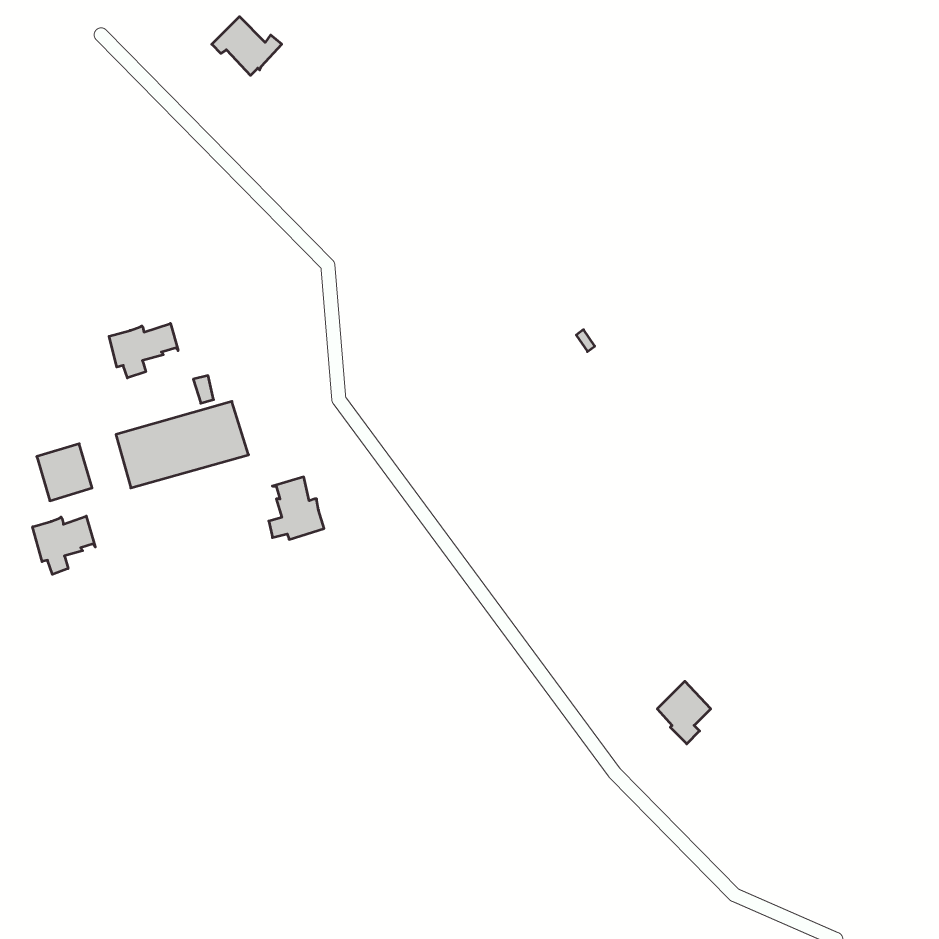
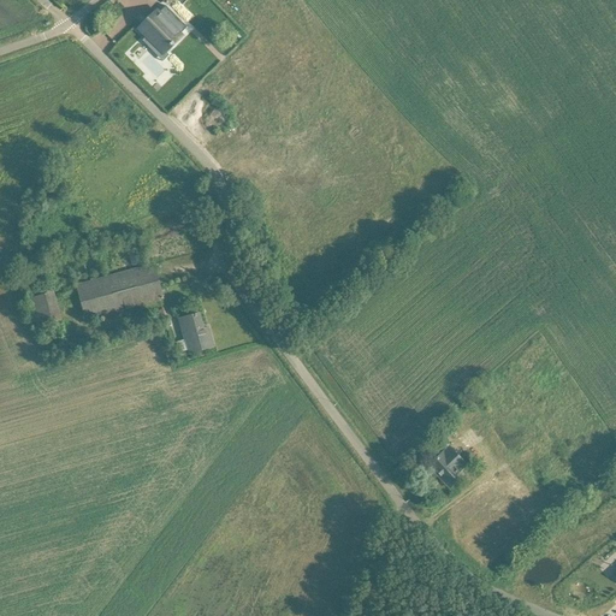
building: [109,323,178,378] -> none
building: [33,516,95,574] -> none

